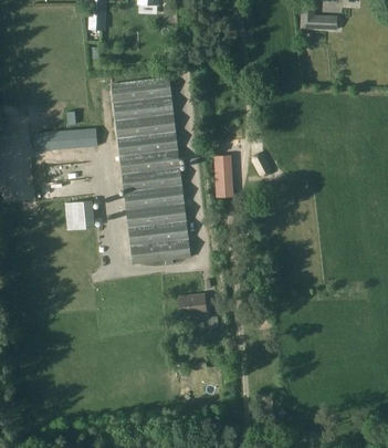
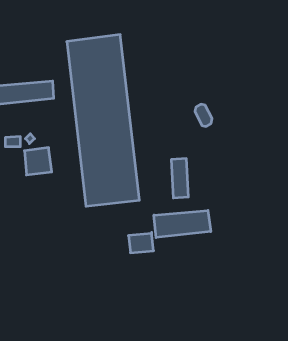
building: [213,155,232,198] -> [171,159,188,198]
building: none -> [154,210,211,238]

